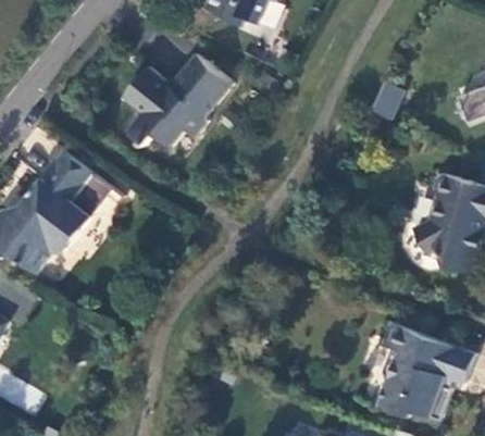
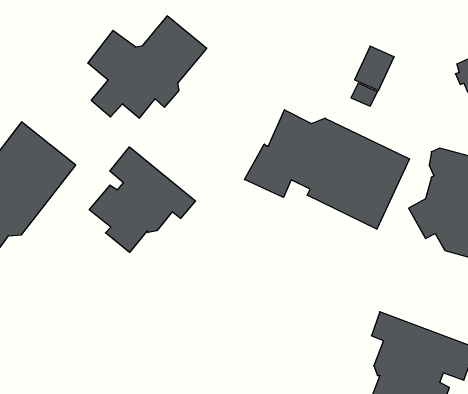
building: none -> [244,110,410,229]
building: none -> [89,147,196,252]

